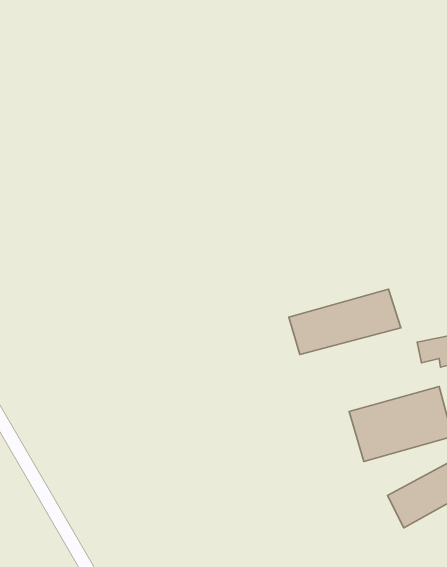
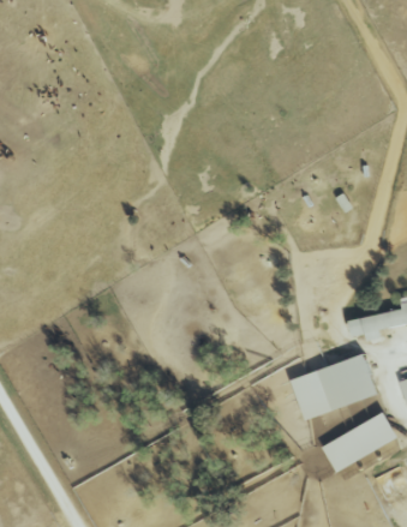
building: [289,289,401,354] -> none

